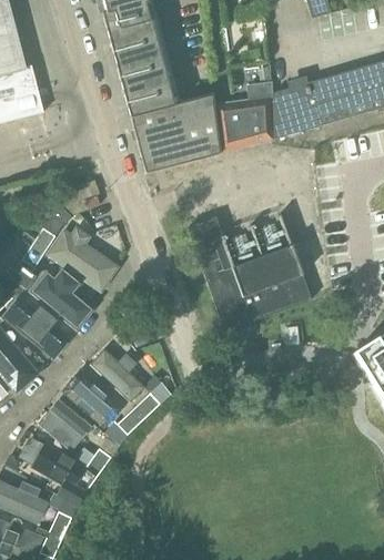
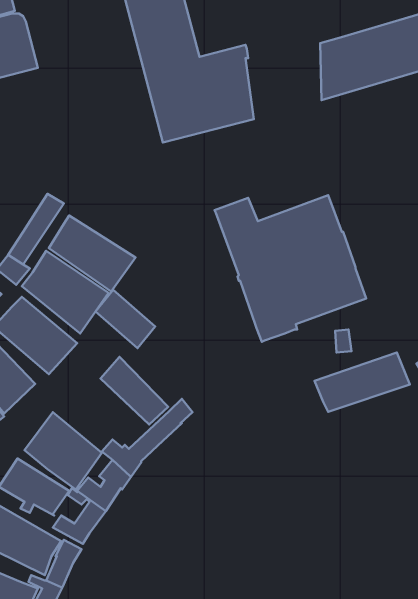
building: [214,94,275,153] -> none
building: none -> [314,352,410,412]
building: [61,371,110,419] -> [96,290,155,348]

